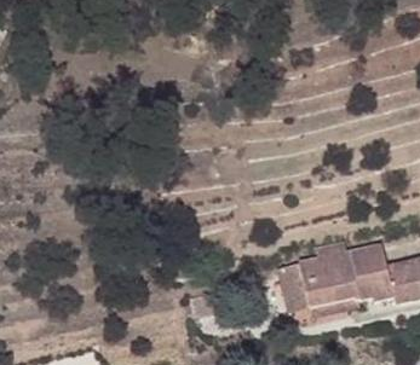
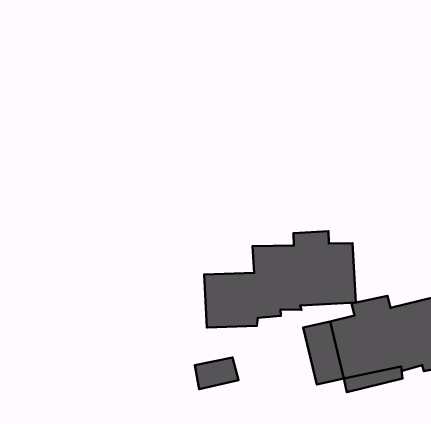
building: none -> [204,231,356,327]

